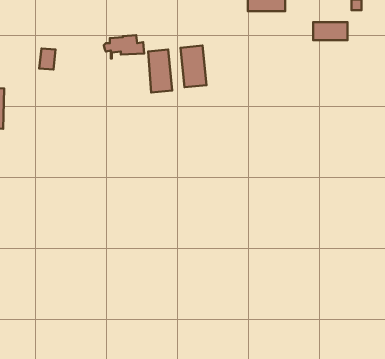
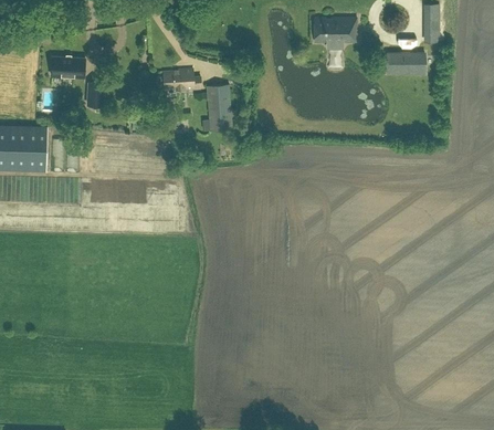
building: none -> [50,56,84,77]
building: [181,46,206,87] -> none

